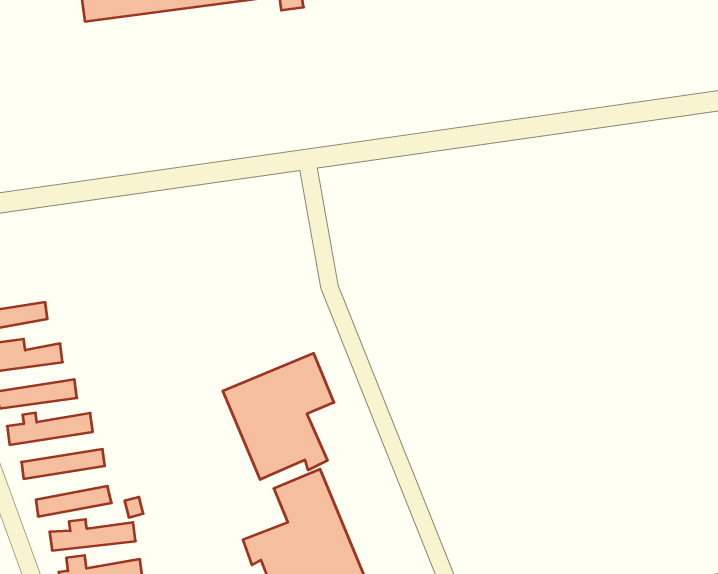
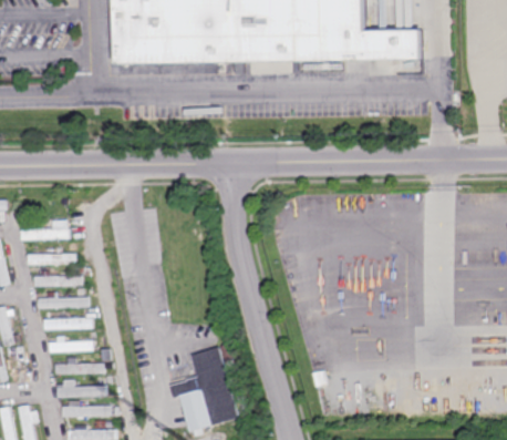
building: [223,353,334,480] -> none

